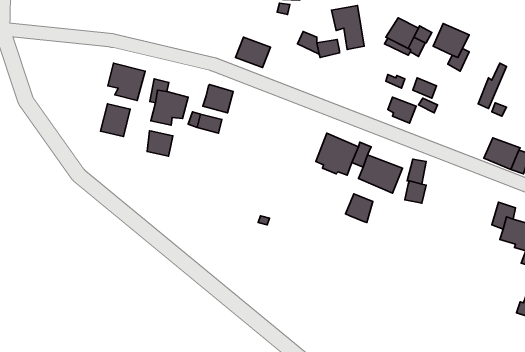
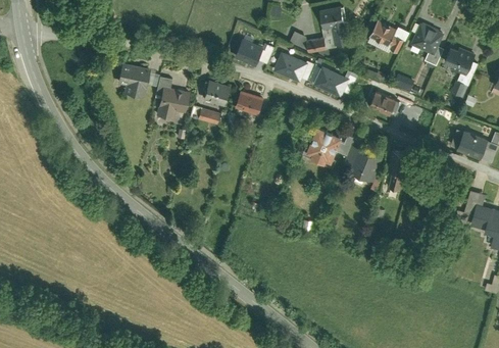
building: none -> [443,48,472,77]
building: none -> [275,52,307,82]
building: none -> [314,65,349,96]
building: none -> [235,90,264,115]
building: [101,104,130,137] -> none
building: [147,131,173,156] -> none
building: [346,194,373,223] -> none

